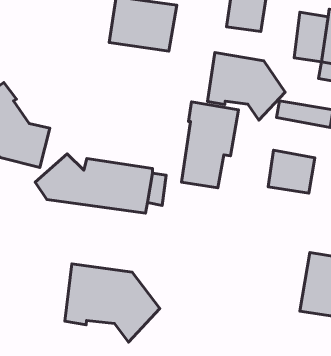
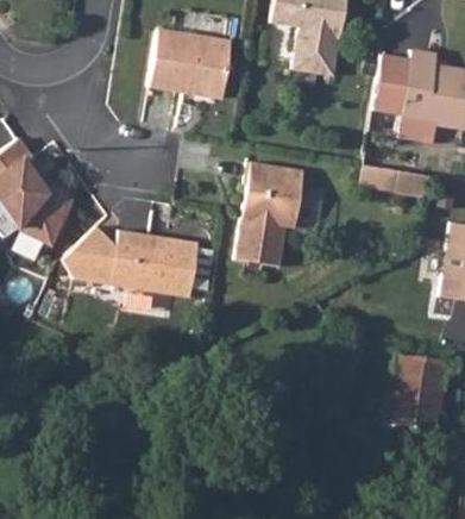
building: [207,53,285,120] -> none
building: [268,150,315,193] -> none
building: [65,264,160,342] -> none

